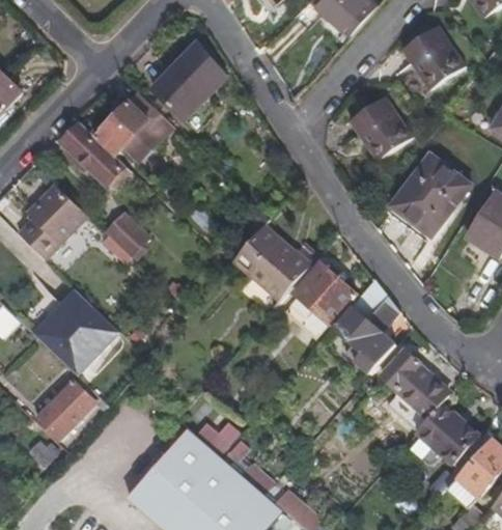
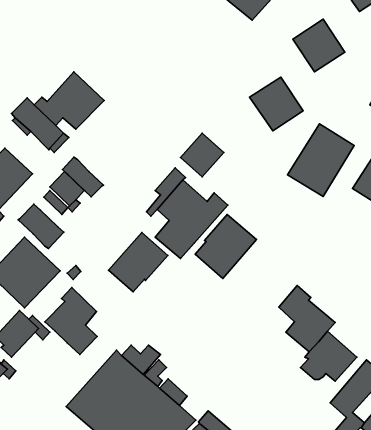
building: [152,44,227,133] -> none
building: none -> [181,133,224,177]
building: none -> [62,157,104,197]
building: none -> [18,204,64,249]
building: [335,279,398,370] -> none
building: none -> [109,232,168,292]
building: none -> [45,288,97,354]

